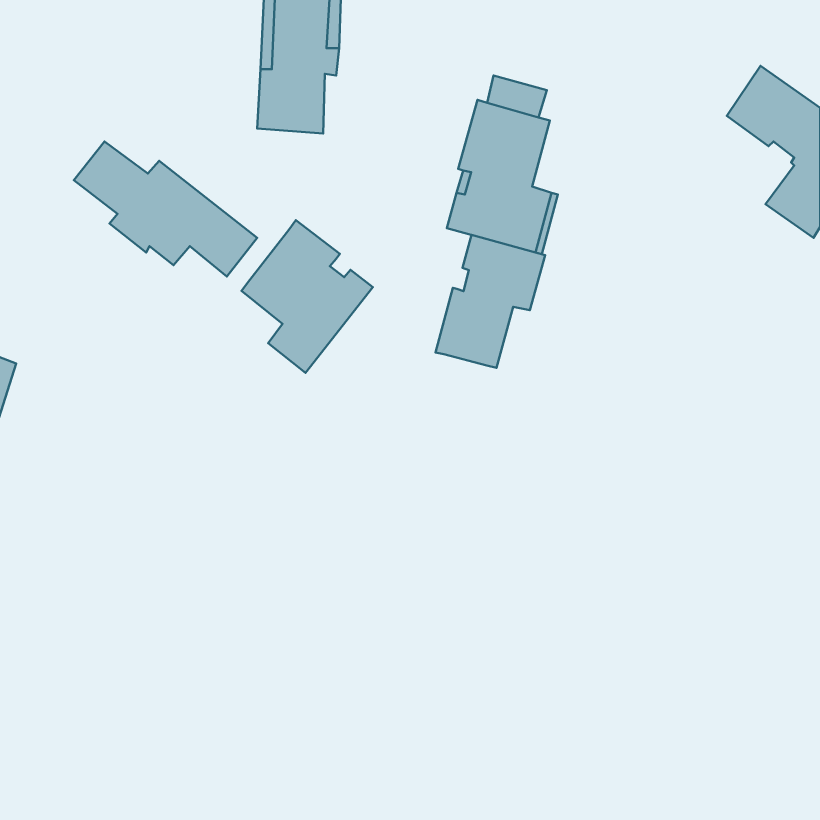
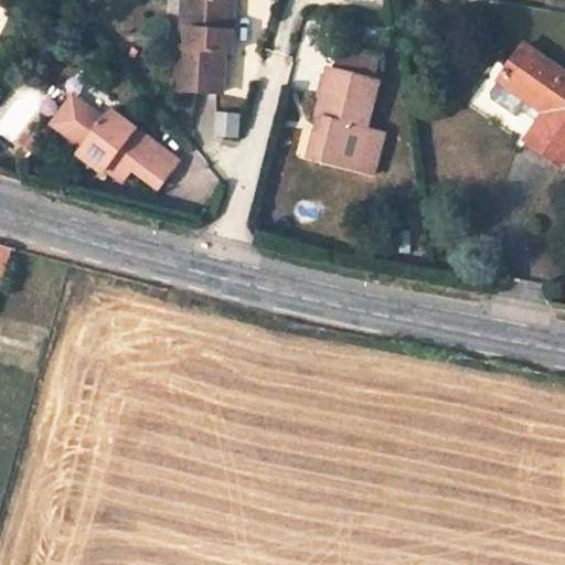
building: [241,220,373,373] -> none
building: [436,235,545,368] -> none

